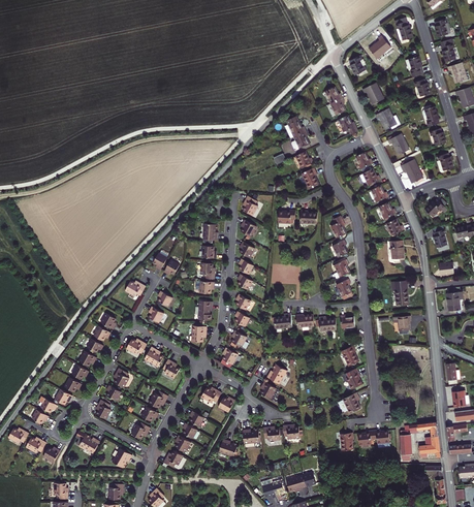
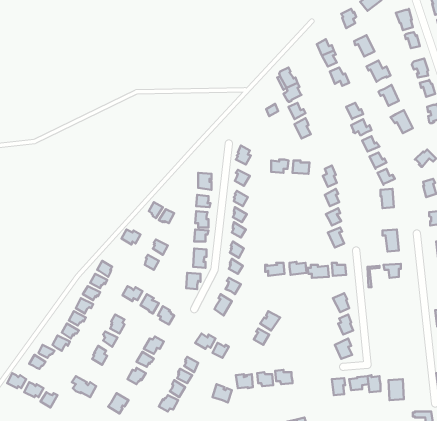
building: [417,421,440,457] -> none

